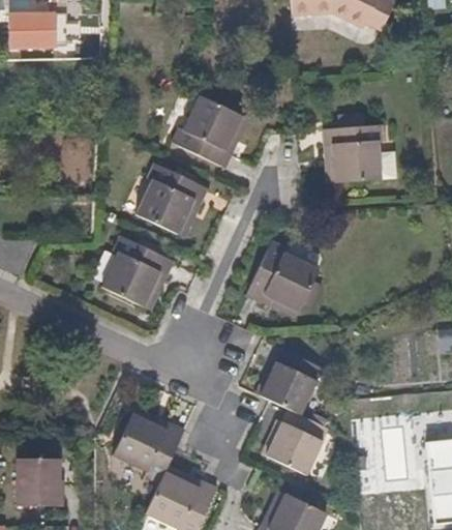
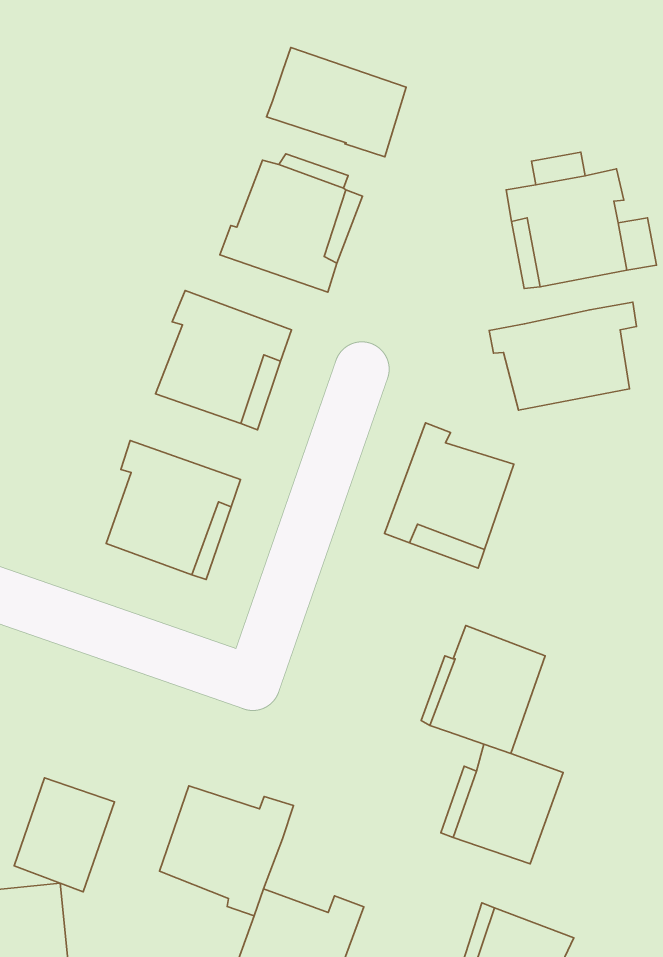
building: none -> [266,47,406,157]
building: none -> [489,302,636,410]
building: none -> [14,778,114,892]

